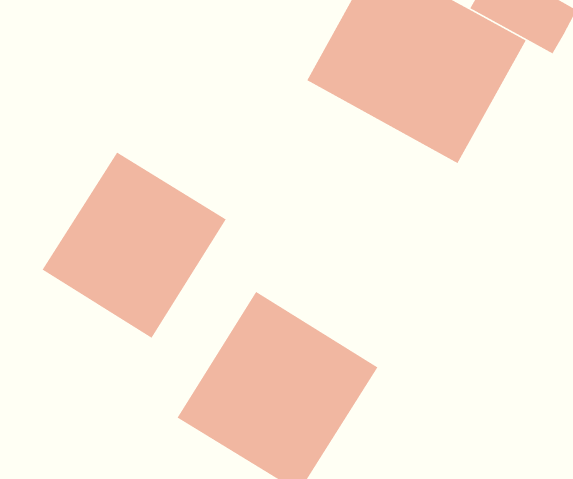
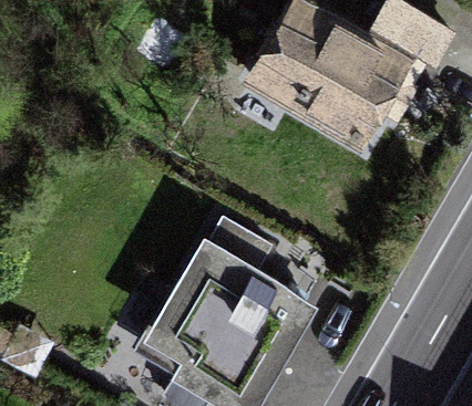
building: [42,151,227,339] -> none

